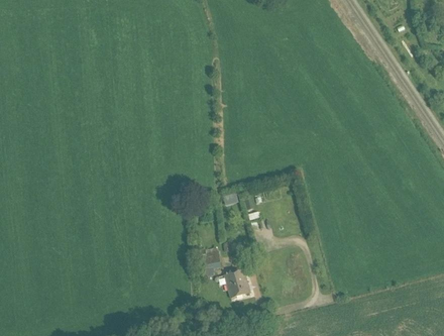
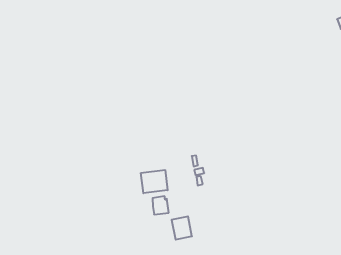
building: none -> [141,170,168,193]

